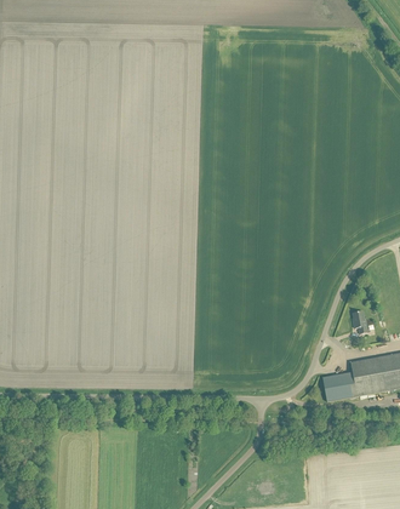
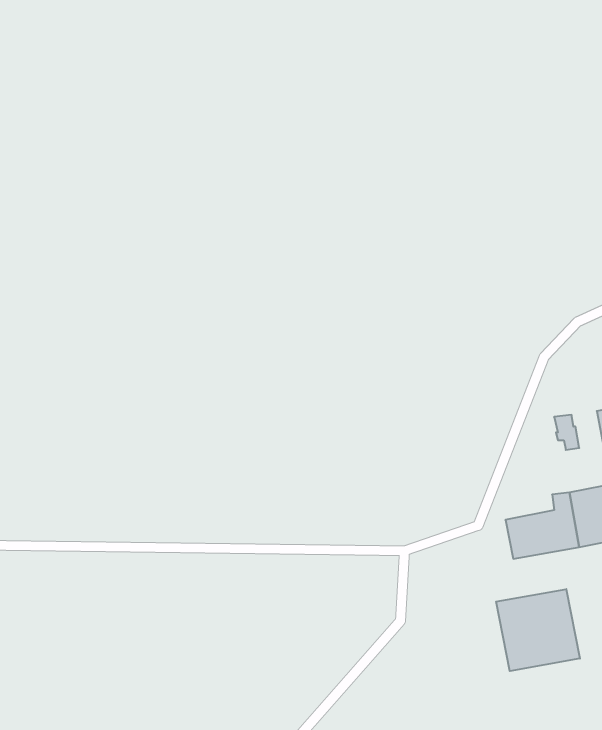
building: none -> [496,589,580,671]

